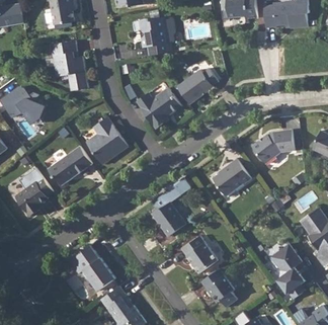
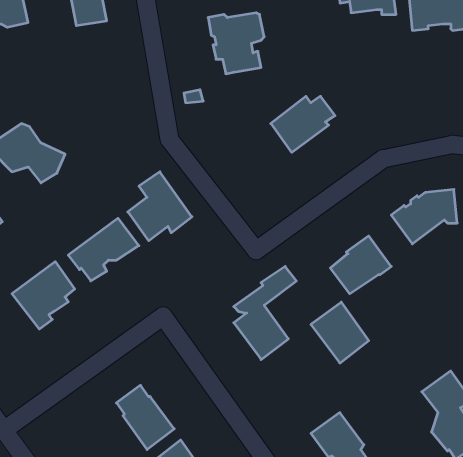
building: [50,42,86,91] -> none
building: [135,87,180,129] -> none
building: [182,236,219,274] -> [311,302,369,363]

